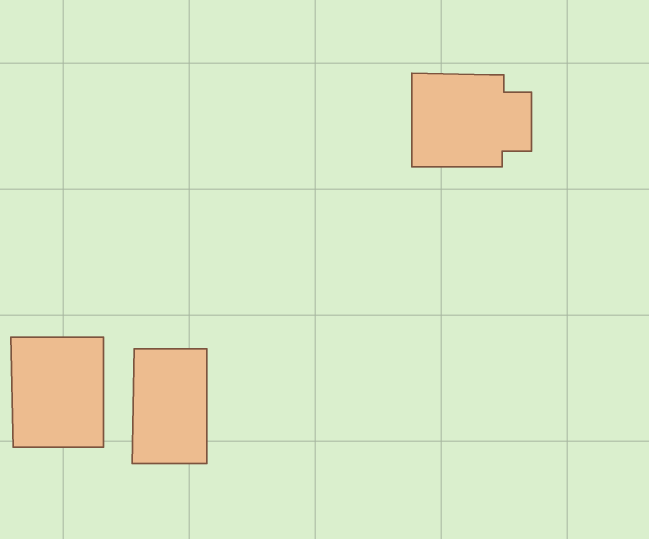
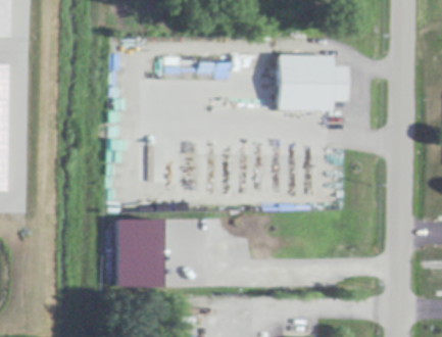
building: [11,337,103,447] -> none

